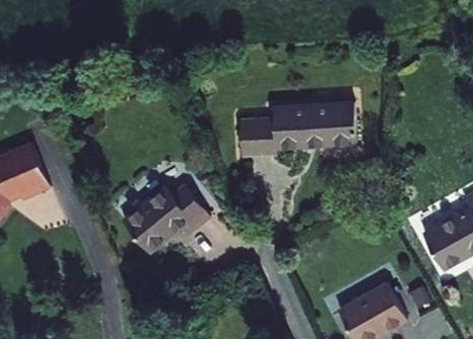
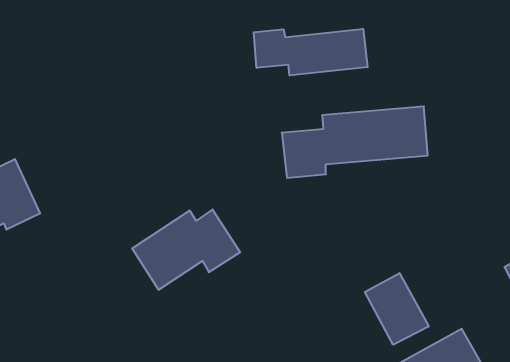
building: none -> [254,29,368,76]
building: none -> [365,273,429,345]

